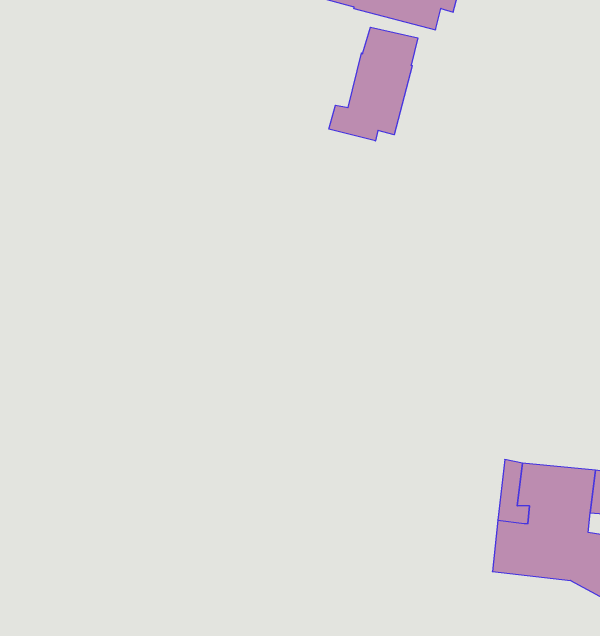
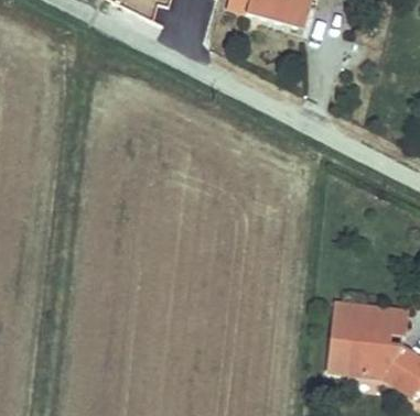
building: [329,27,418,141] -> none

